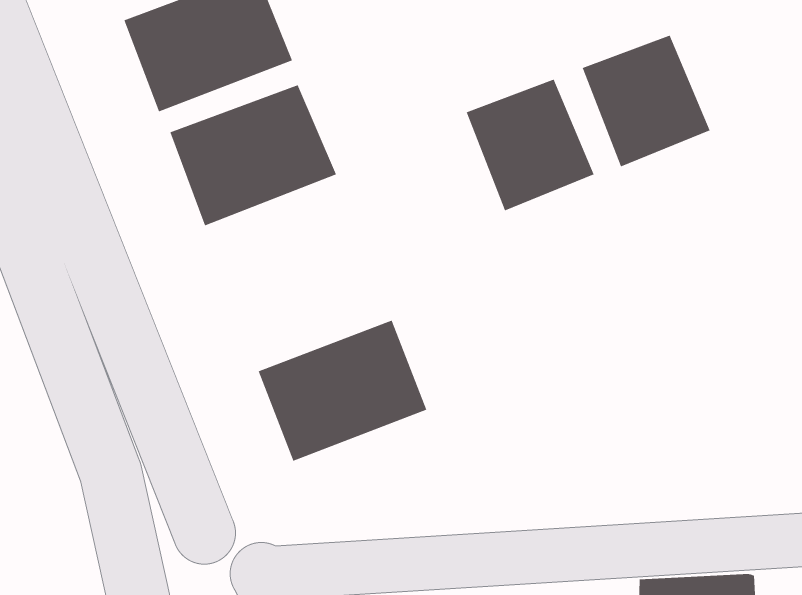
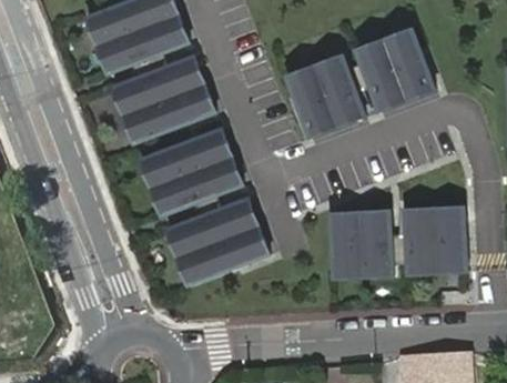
building: none -> [144,131,246,216]
building: none -> [400,205,463,273]
building: none -> [327,210,389,276]

